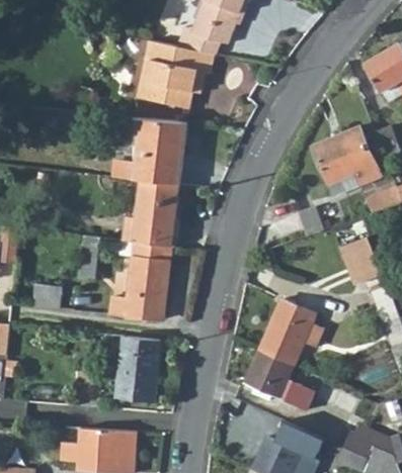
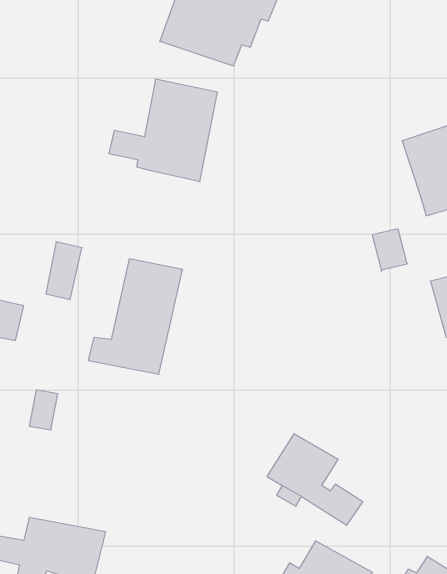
building: [124,182,175,248] -> none
building: [259,294,333,366] -> none
building: [116,338,162,405] -> none

